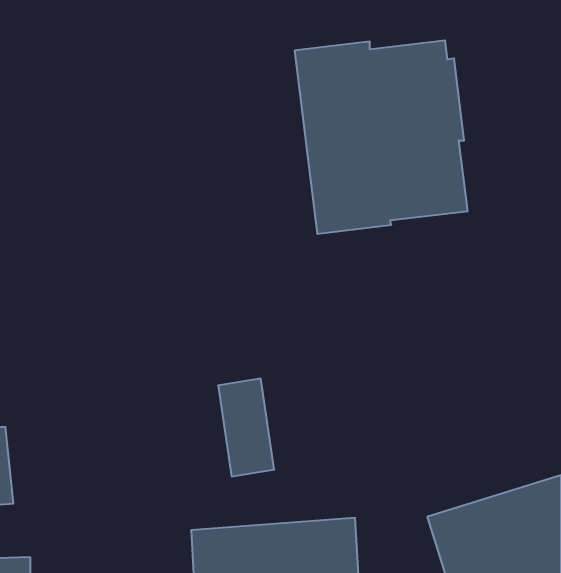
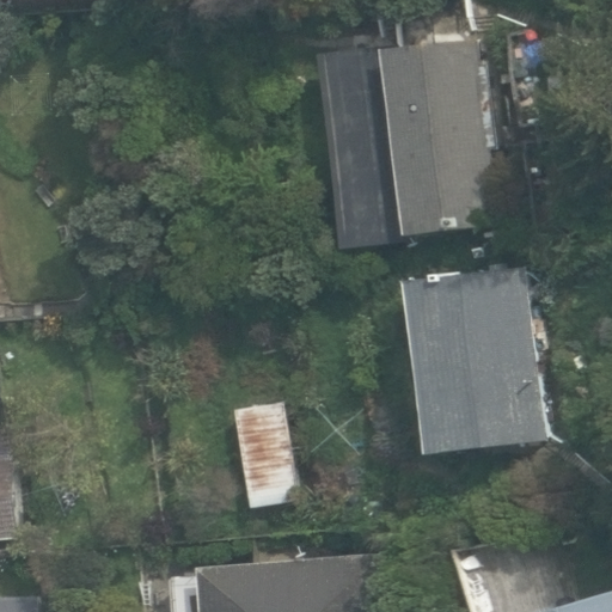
building: none -> [410,269,546,455]

